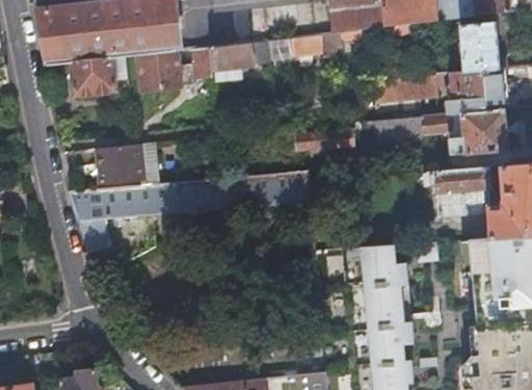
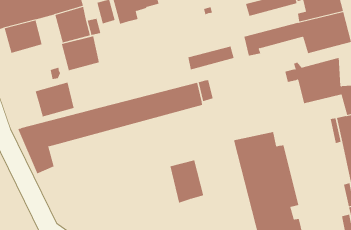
building: none -> [61,36,100,71]
building: none -> [170,159,204,204]

